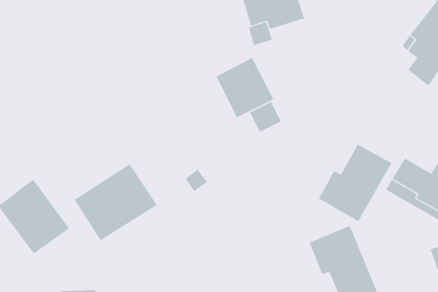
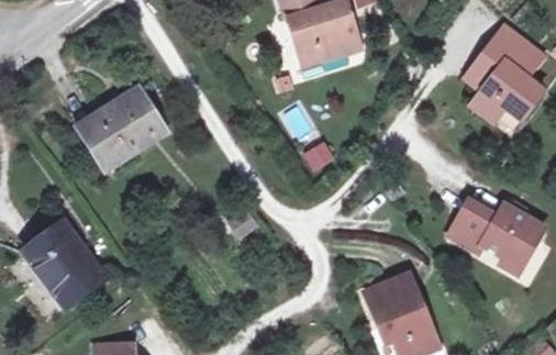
building: [216,57,274,118] -> none
building: [318,144,392,222] -> none
building: [74,164,158,241] -> [76,86,167,170]

